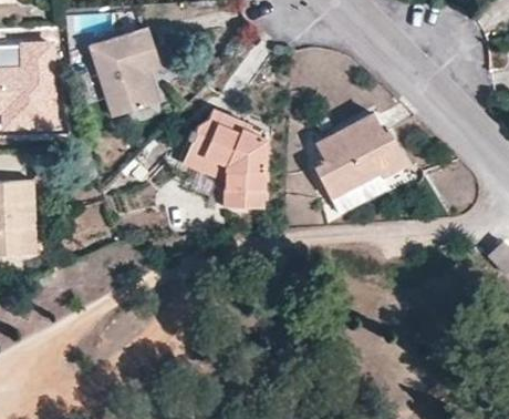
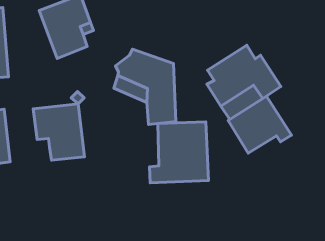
building: none -> [33,104,84,160]
building: none -> [228,96,291,153]
building: none -> [150,122,208,183]

